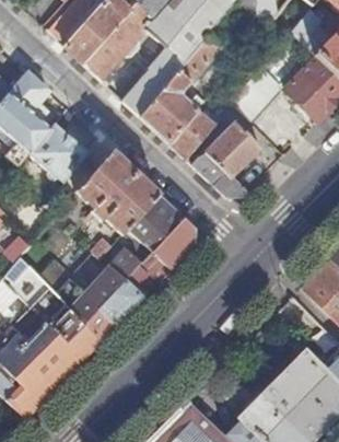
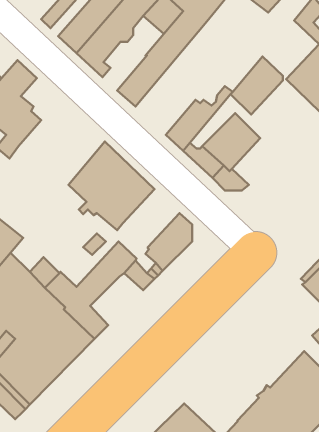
building: [140,34,222,143] -> none
building: [27,125,86,182] -> none
building: [128,196,183,252] -> none
building: [96,280,143,327] -> none

